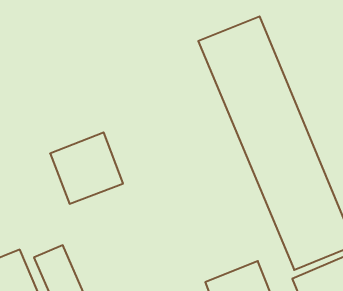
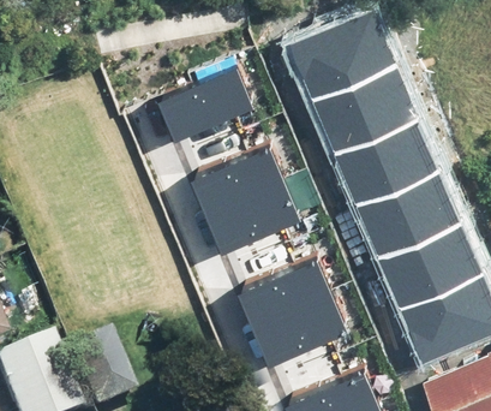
building: none -> [176,61,263,131]
building: [50,132,123,204] -> [208,145,307,243]
building: none -> [252,254,353,352]

